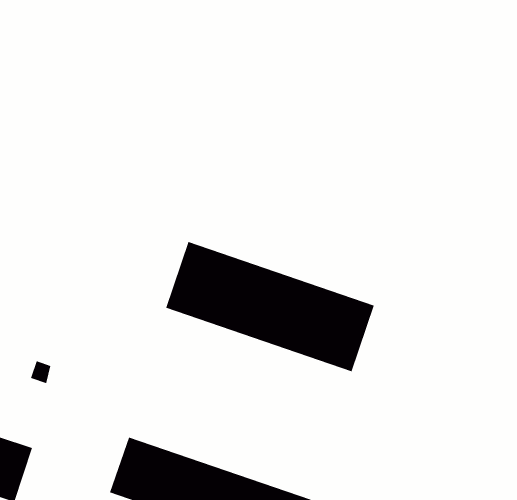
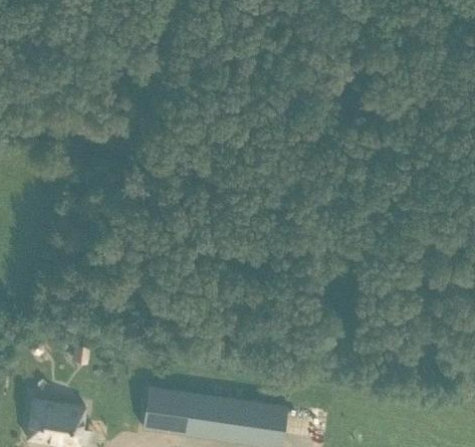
building: [165,241,374,372] -> none

